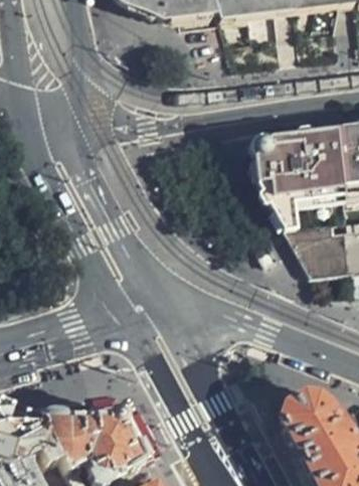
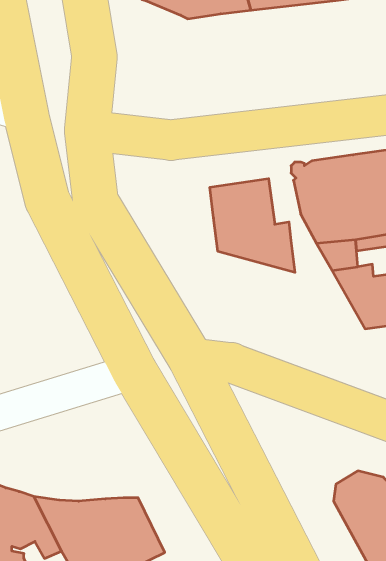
building: none -> [210,179,295,272]

